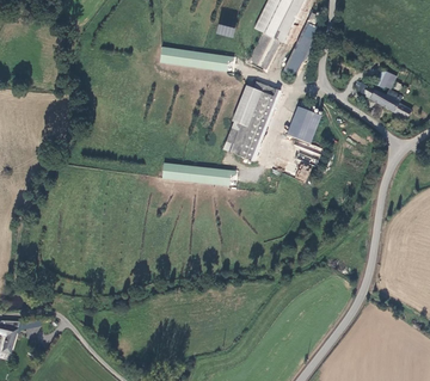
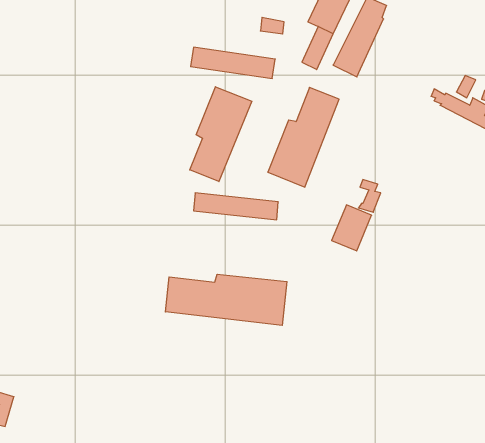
building: none -> [190,87,252,182]
building: [288,106,320,143] -> [332,205,372,251]
building: none -> [165,274,287,325]

